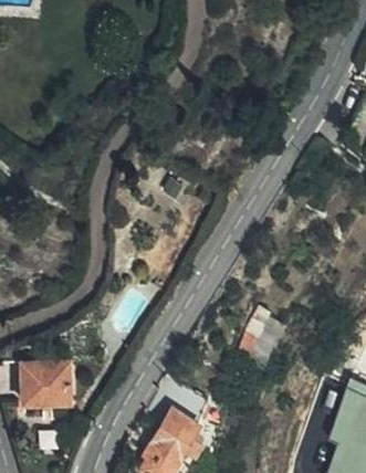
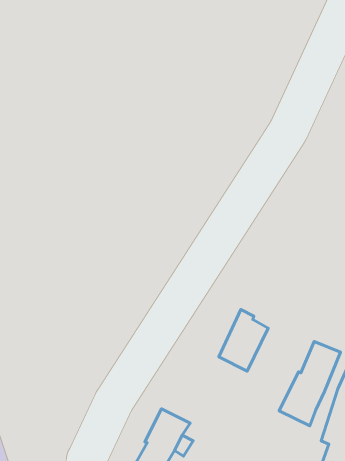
building: none -> [279,341,340,426]
building: [24,357,70,408] -> none

